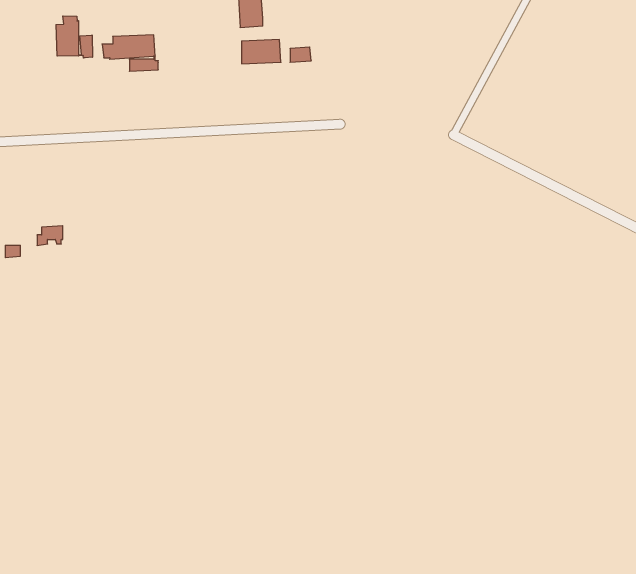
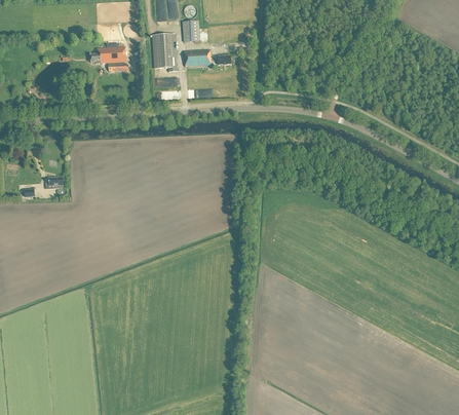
building: none -> [152,33,177,71]
building: [56,16,92,58] -> none

